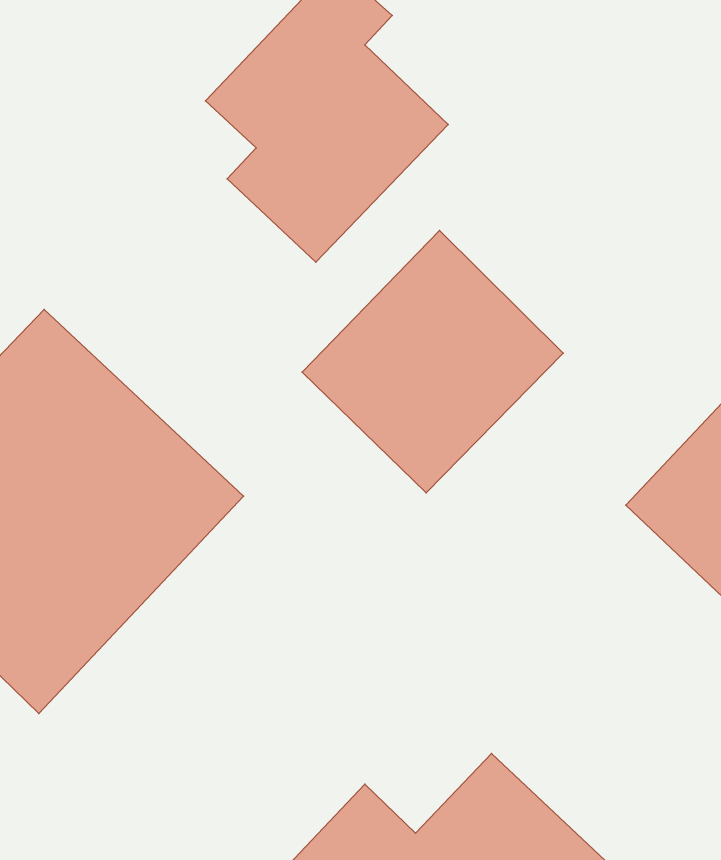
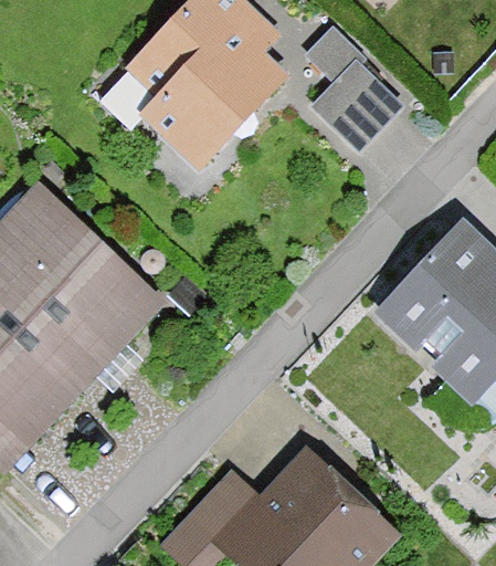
building: none -> [310,29,398,146]
building: [302,231,563,493] -> none

